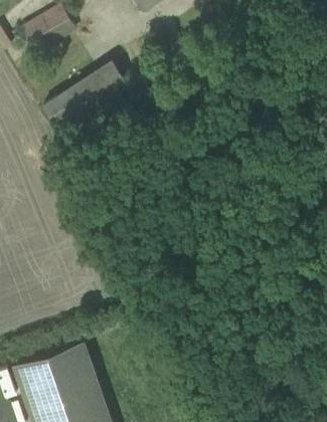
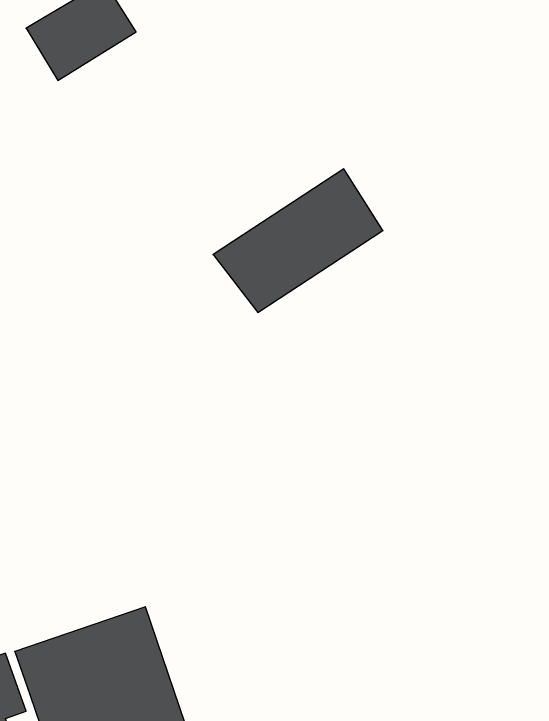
building: [41,60,133,138] -> [213,169,383,312]

